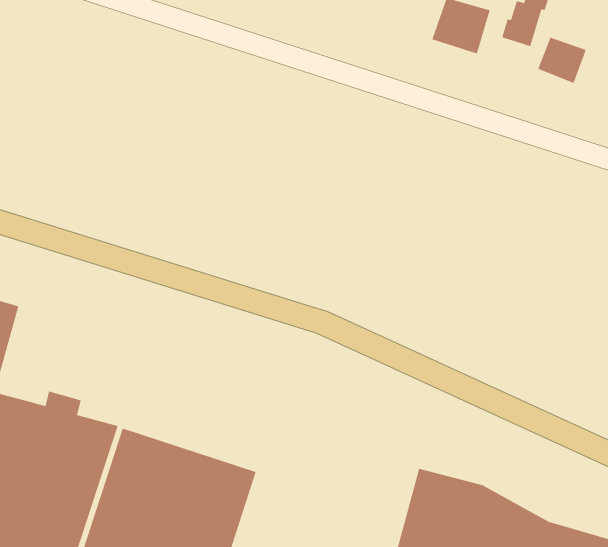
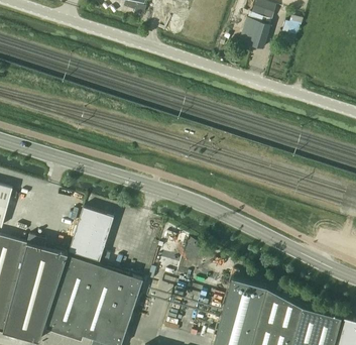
building: [537,37,586,84] -> none
building: none -> [68,209,113,262]

